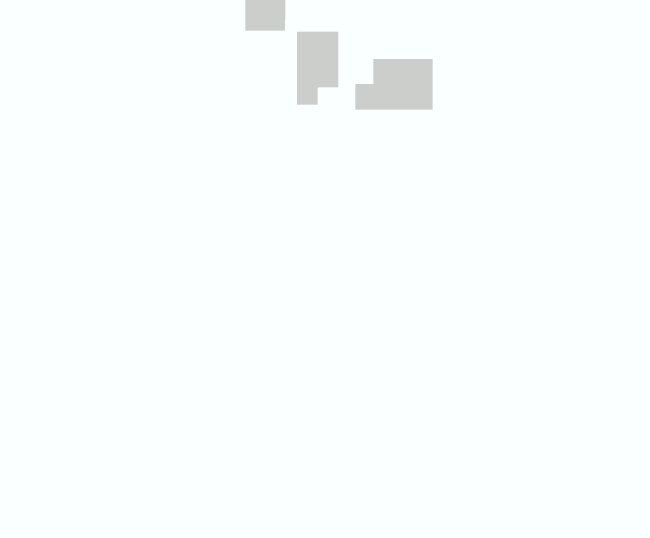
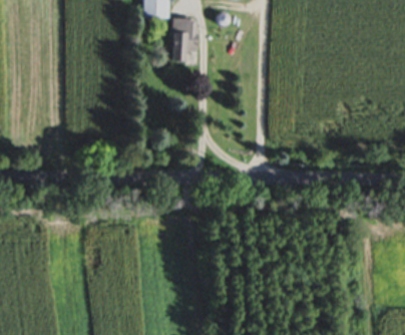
building: [355,58,433,110] -> none

